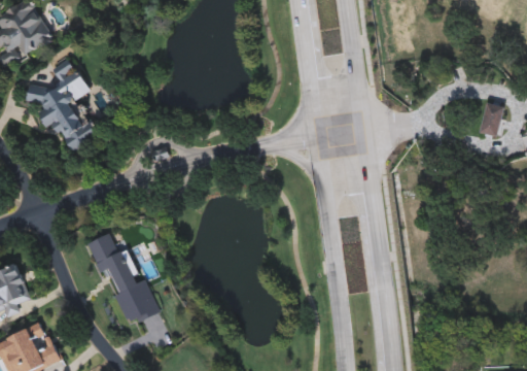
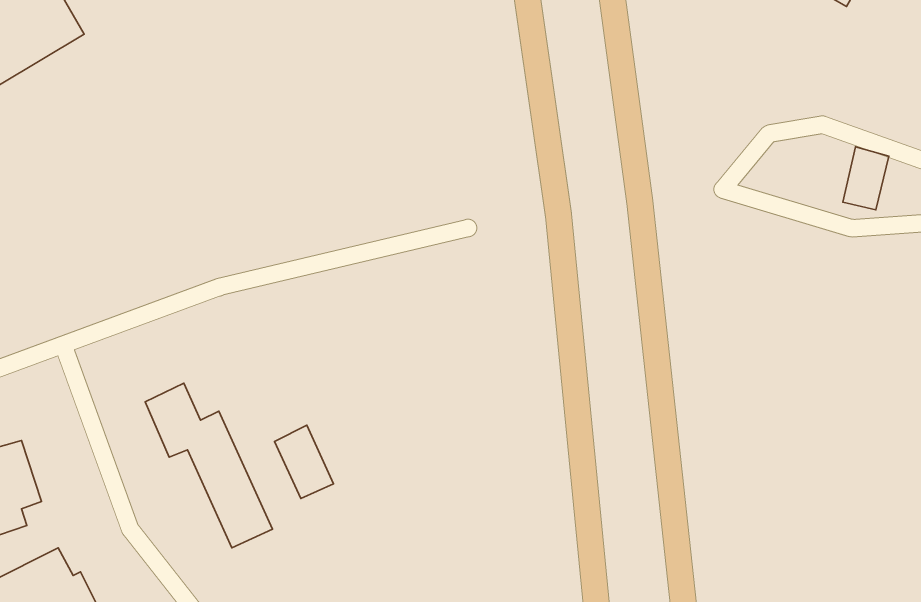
building: [26,56,100,151] -> none
building: none -> [275,425,334,498]

